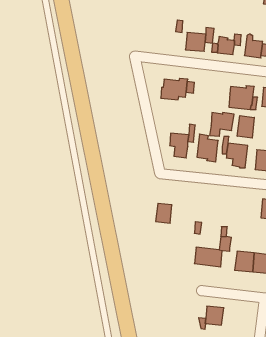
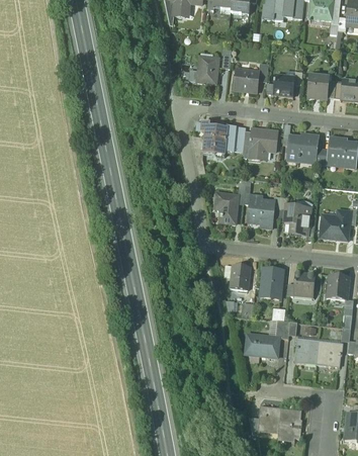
building: none -> [197,57,218,84]
building: [210,113,234,136] -> [248,129,278,159]
building: [237,116,254,138] -> none
building: none -> [260,268,283,297]
building: none -> [293,271,316,297]
building: [156,203,172,223] -> [230,265,250,289]
building: none -> [278,408,301,438]

